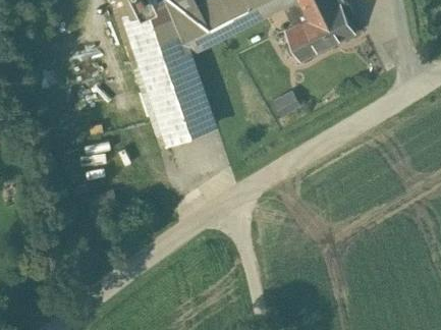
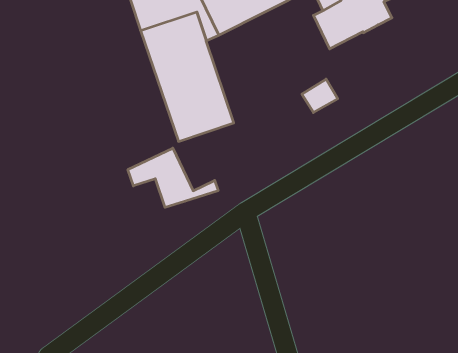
building: none -> [128,148,218,207]

